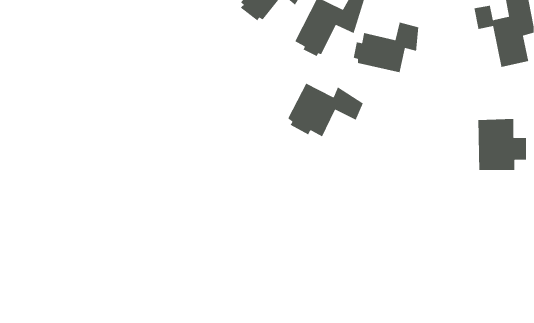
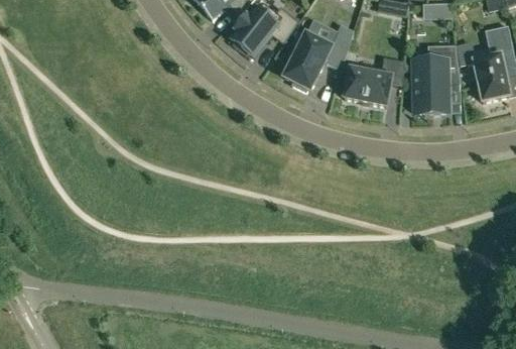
building: [287,82,364,137] -> none
building: [478,118,527,173] -> [412,61,460,113]

